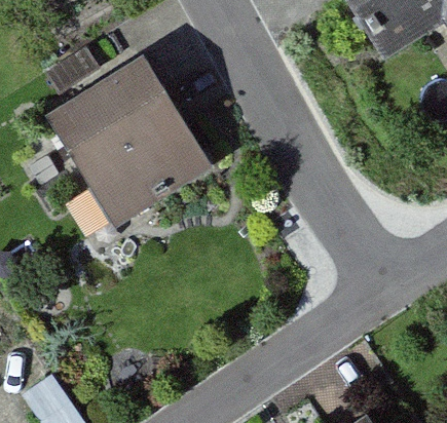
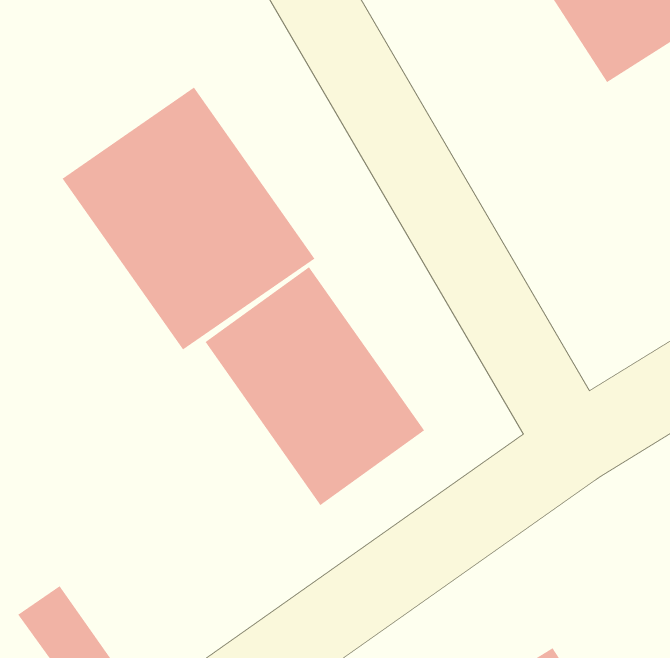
building: none -> [205,266,425,506]

